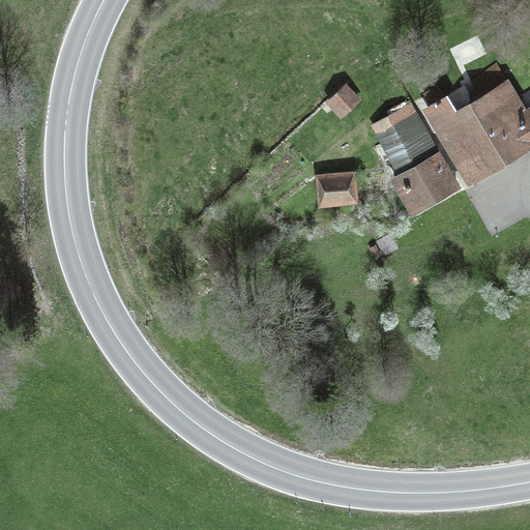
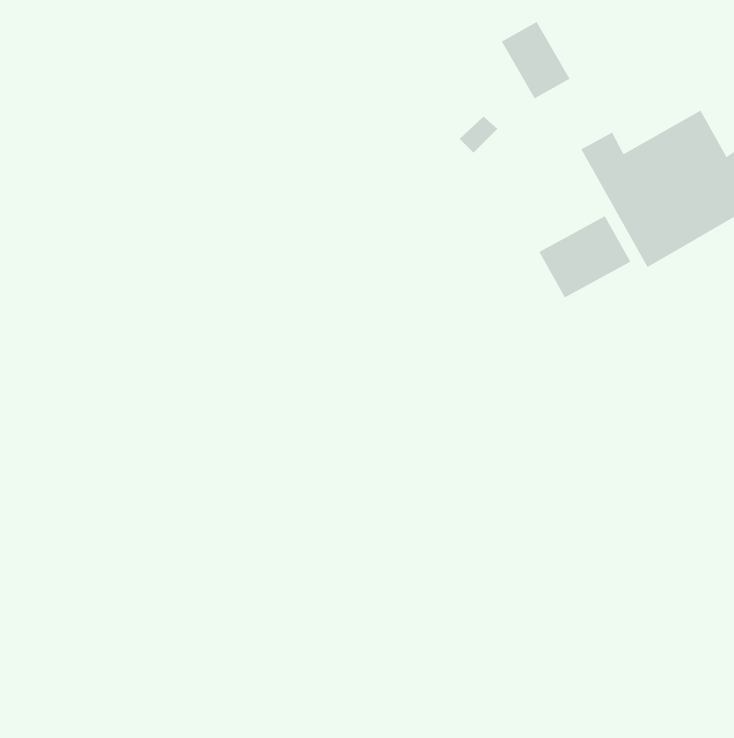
building: [373,110,422,166] -> [501,21,570,99]
building: [325,173,360,201] -> none

